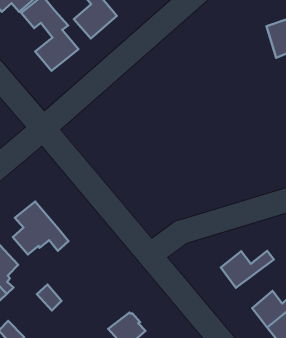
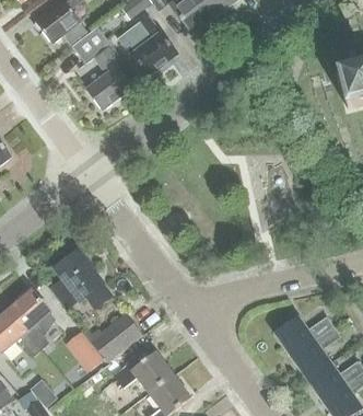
building: none -> [91,315,141,361]
building: none -> [290,327,338,379]
building: none -> [113,351,173,393]

